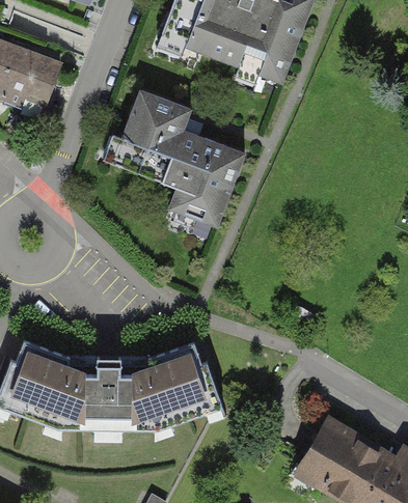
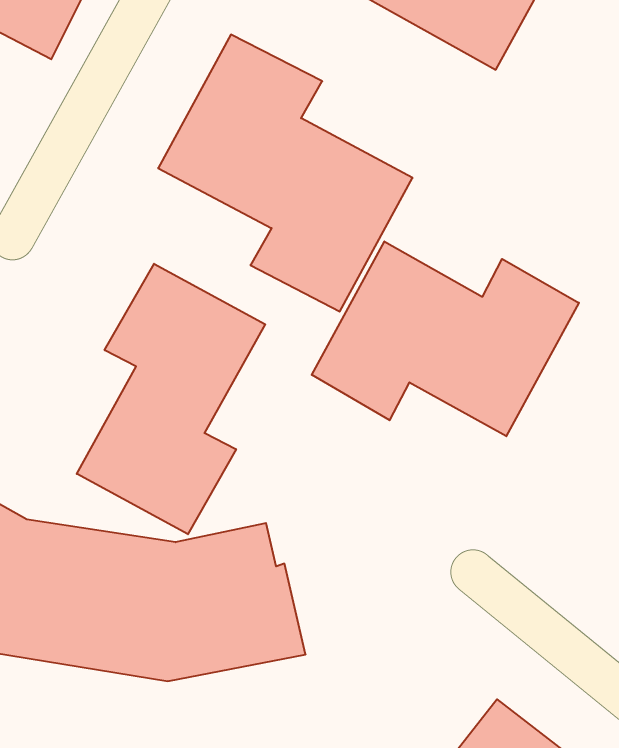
building: none -> [312,241,579,436]
building: none -> [77,264,265,534]

